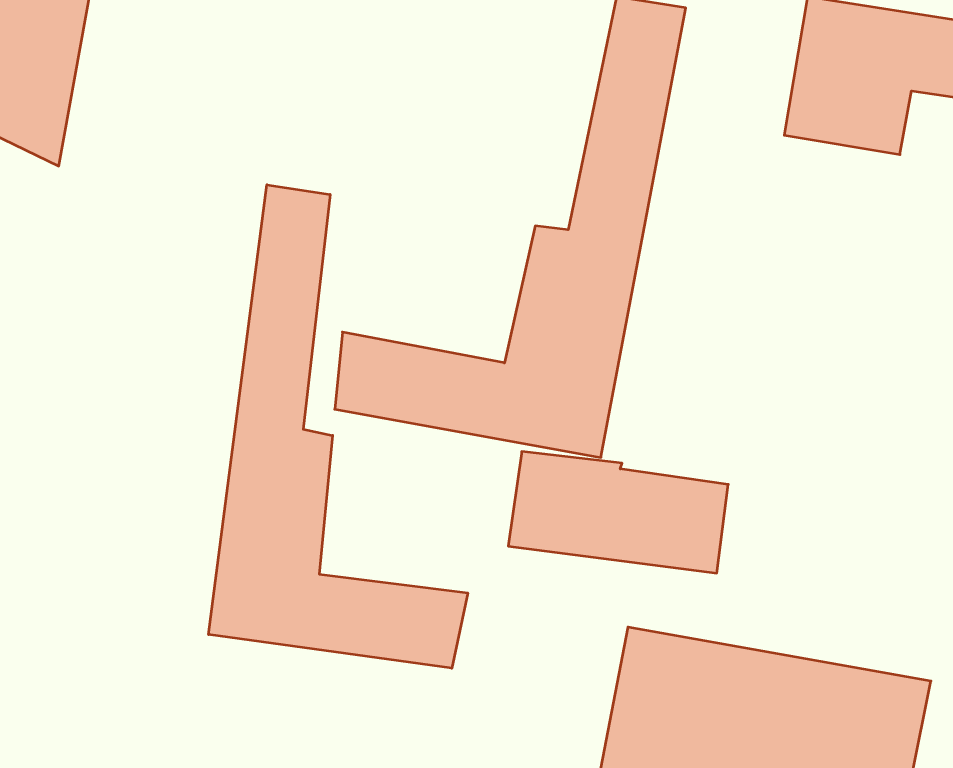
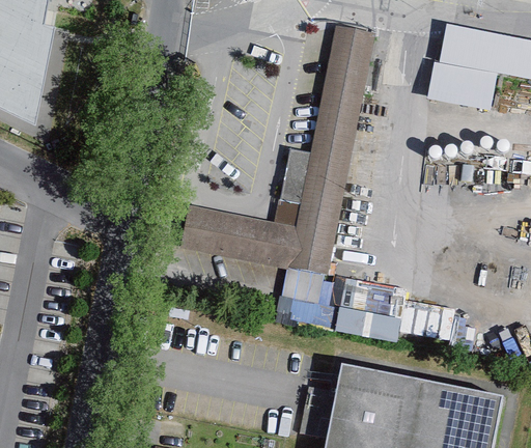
building: [209,185,468,668] -> none

